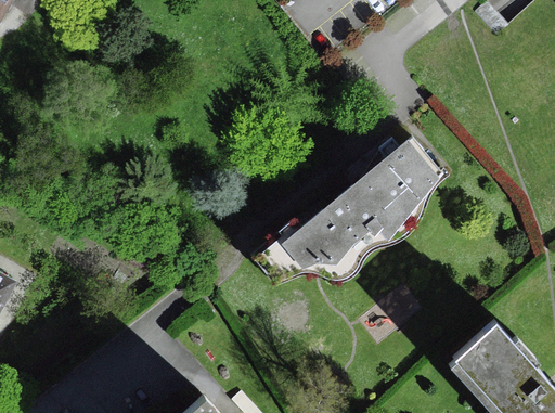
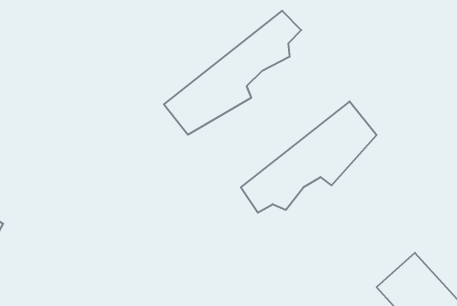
building: none -> [164,11,301,135]

